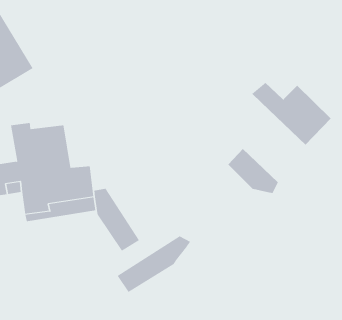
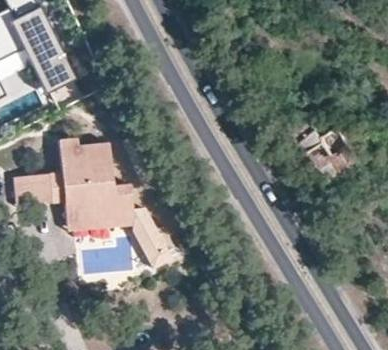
building: [228,148,278,194] -> none
building: [117,235,191,293] -> none

